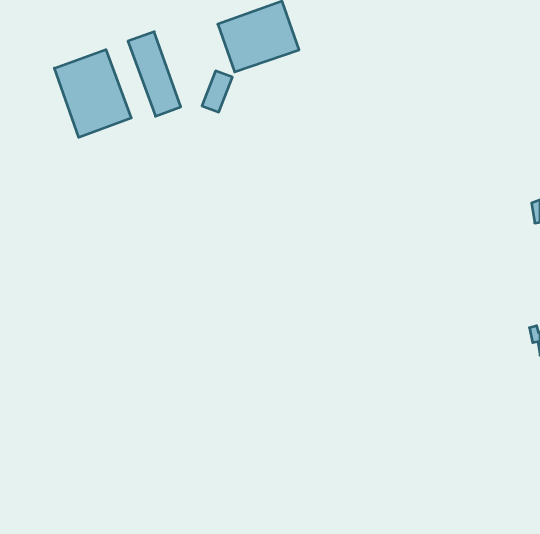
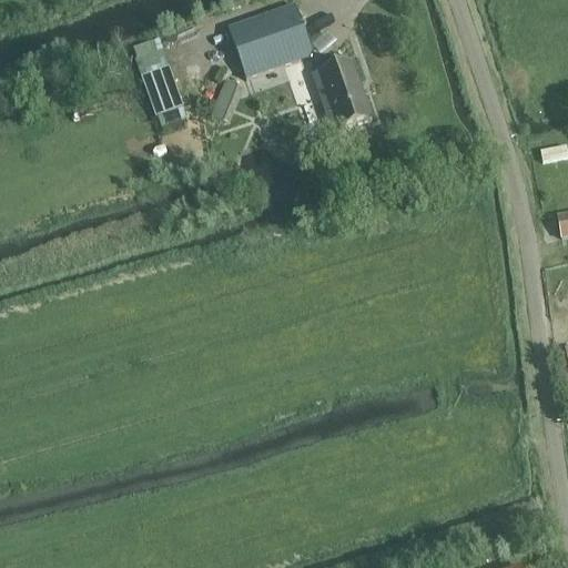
building: [54,50,131,137] -> none
building: none -> [313,58,372,129]

